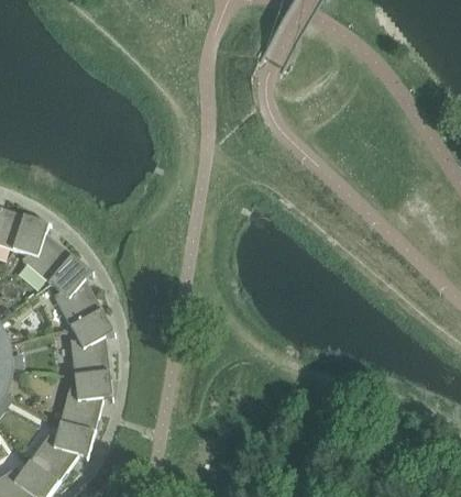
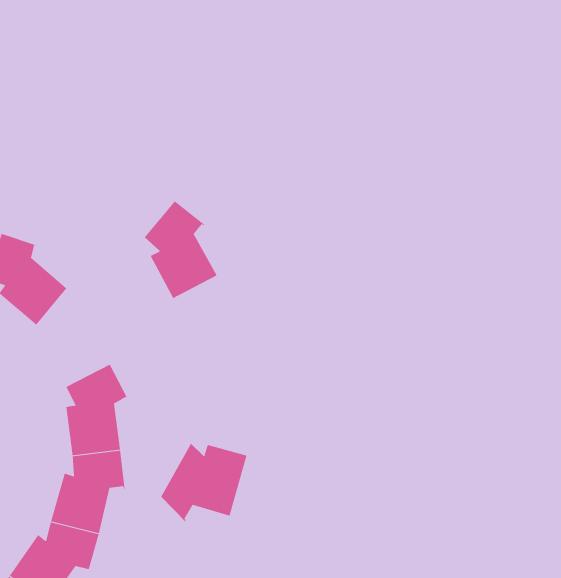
building: [48,255,101,325] -> [144,200,217,299]
building: none -> [161,443,247,523]

